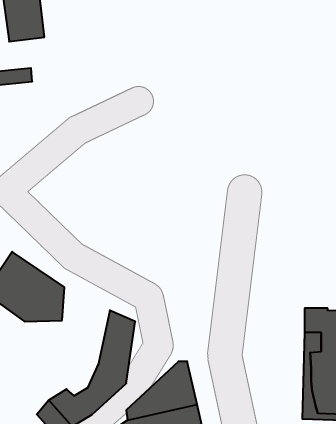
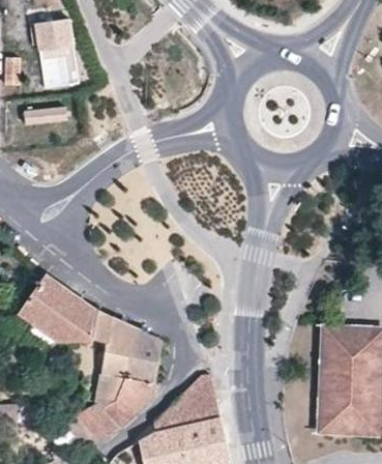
building: none -> [93,312,138,413]

